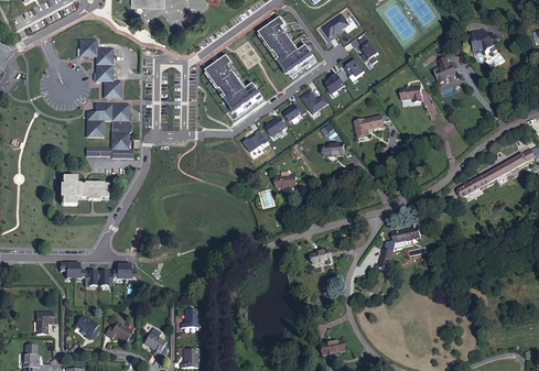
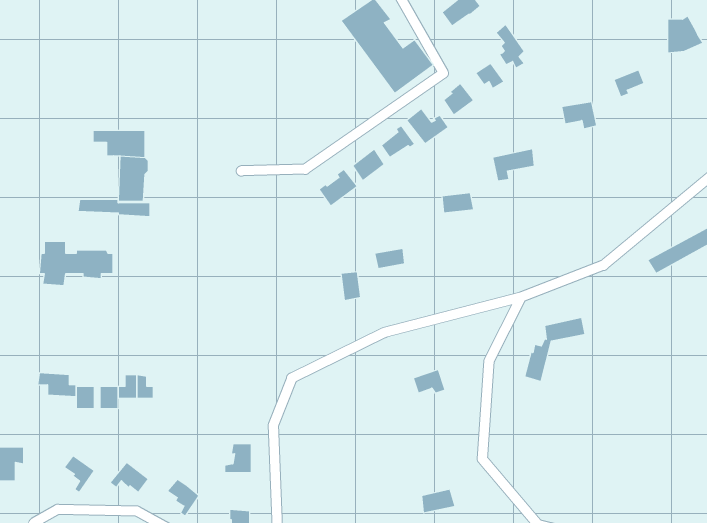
building: [79,41,121,99] -> none
building: [204,54,265,123] -> none
building: [87,112,104,139] -> none

